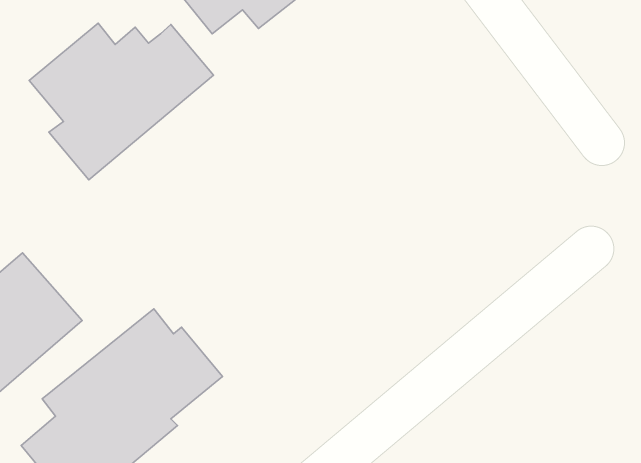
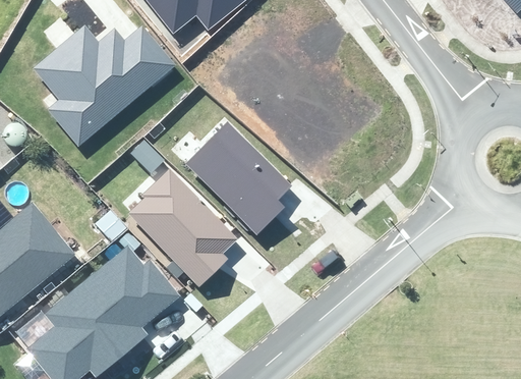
building: none -> [185,121,293,235]
building: none -> [127,170,240,302]

